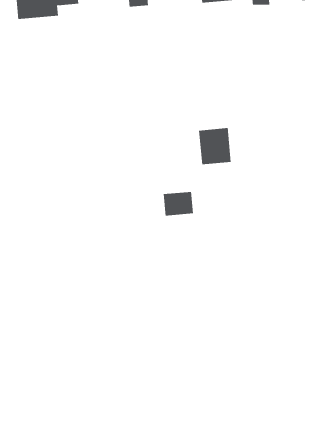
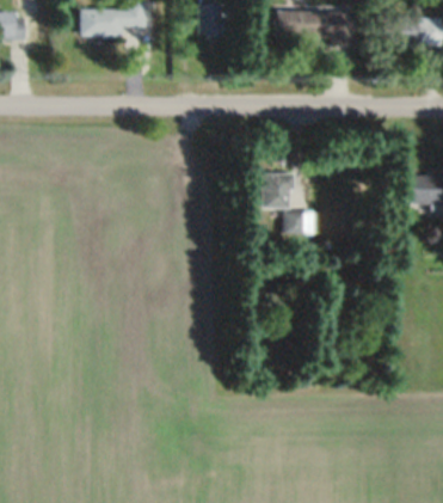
building: [163,191,194,216] -> [285,213,316,237]

